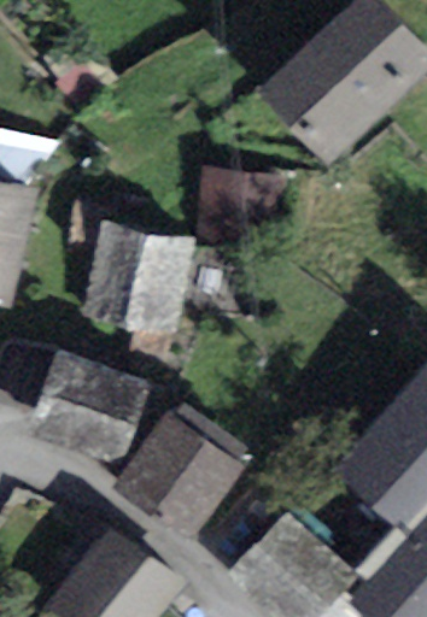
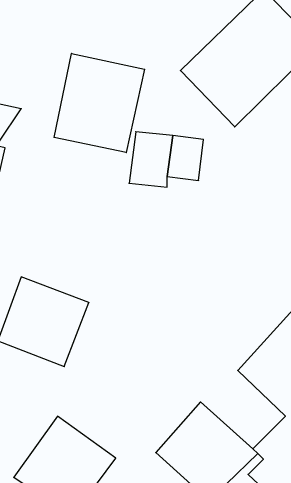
building: none -> [54,53,145,153]
building: [81,221,193,335] -> none
building: [110,402,248,545] -> none

